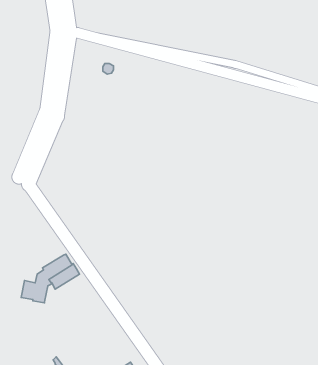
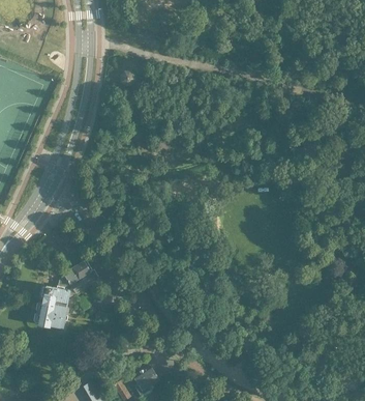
building: none -> [34,303,67,328]

